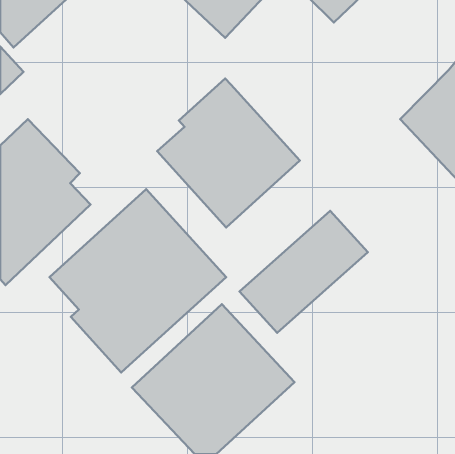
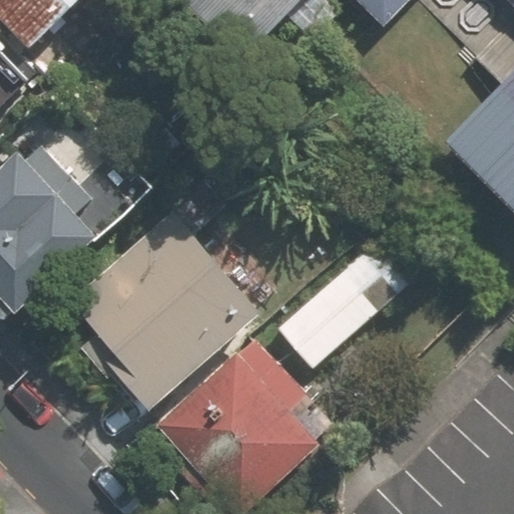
building: [157,78,300,227] -> none

